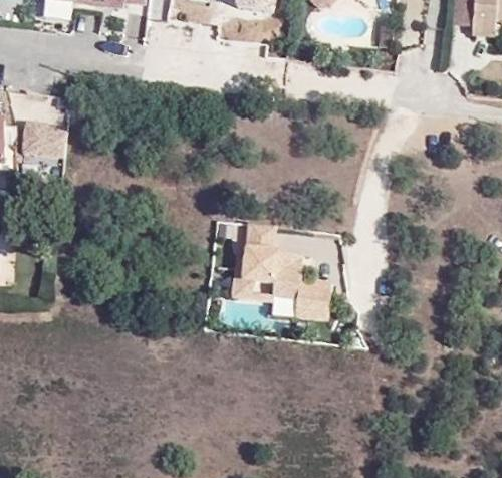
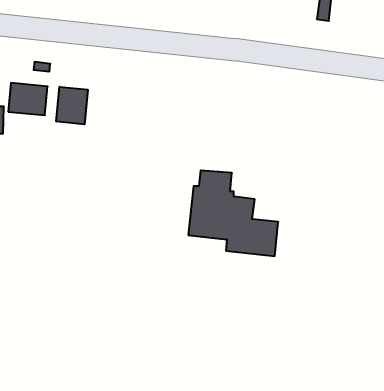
building: none -> [56,87,88,124]

